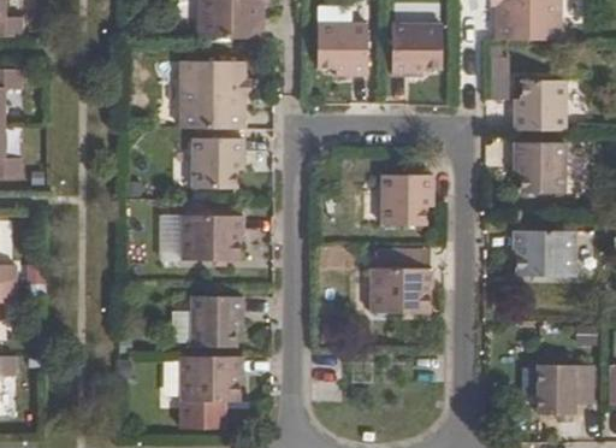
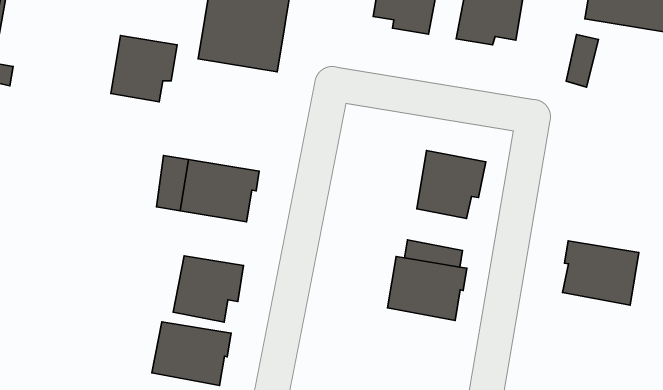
building: [515,81,565,131] -> none
building: [194,138,243,189] -> [111,35,177,102]
building: [514,143,565,194] -> none

